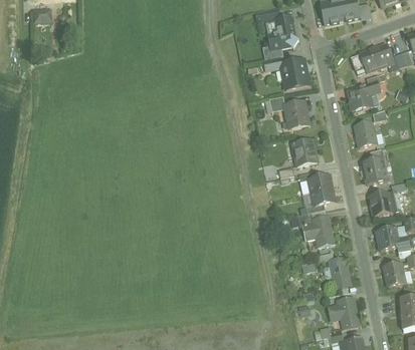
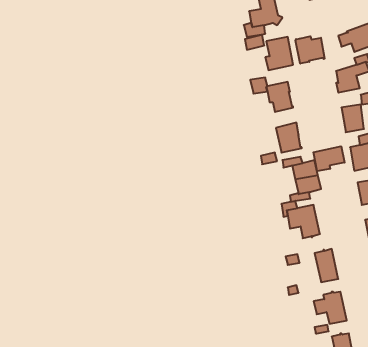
building: none -> [296,36,325,64]
building: none -> [313,146,345,171]

